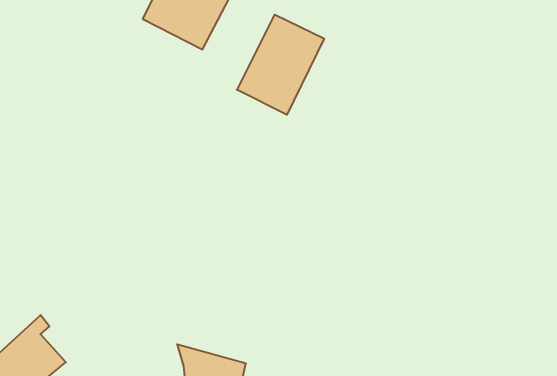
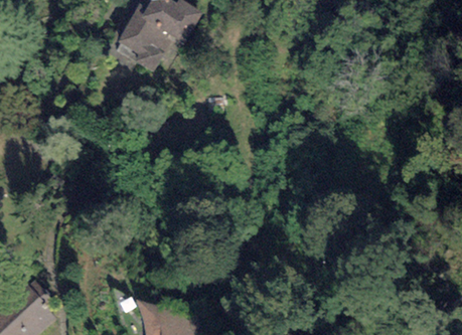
building: [237,15,324,115] -> none

